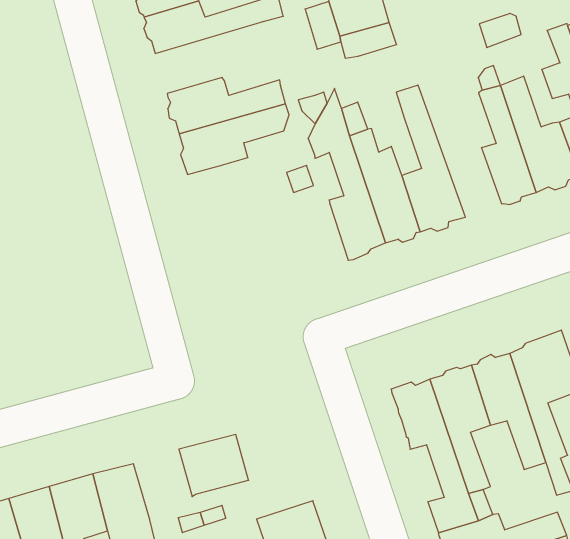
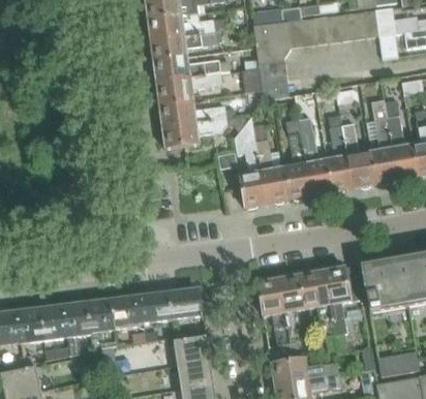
building: none -> [157,71,220,102]
building: none -> [298,117,333,194]
building: none -> [170,288,203,318]
building: none -> [112,296,141,331]

